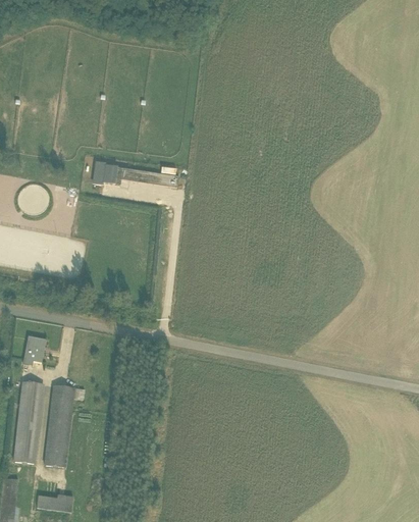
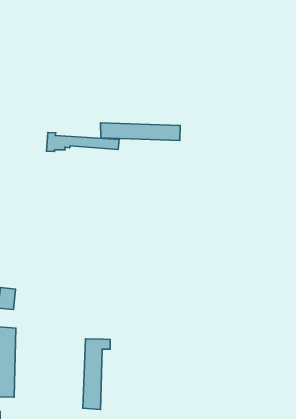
building: none -> [100,123,180,140]
building: [44,384,82,467] -> [83,339,110,409]

